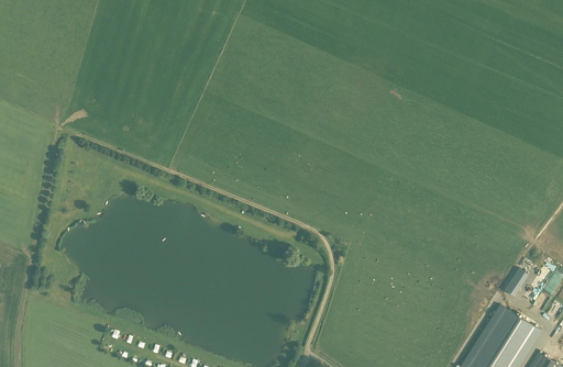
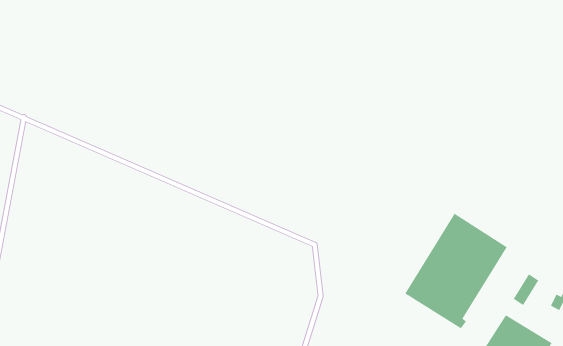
building: none -> [404,213,507,329]

